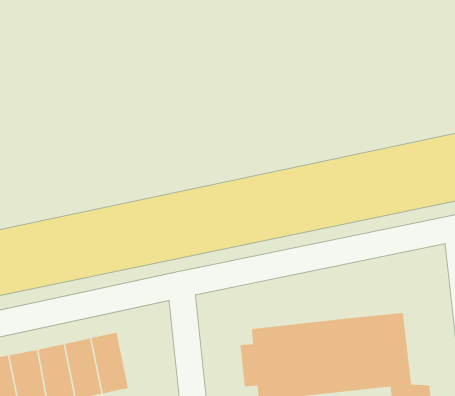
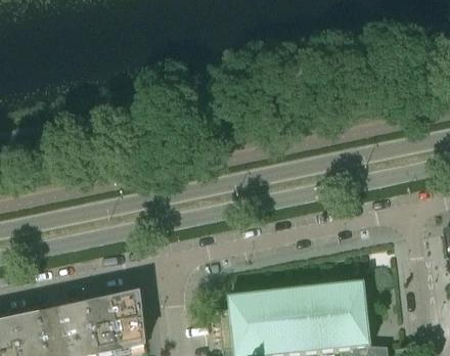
building: none -> [109,292,145,347]

